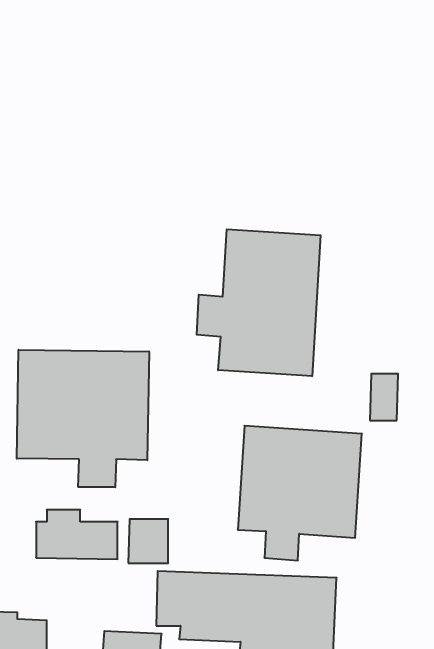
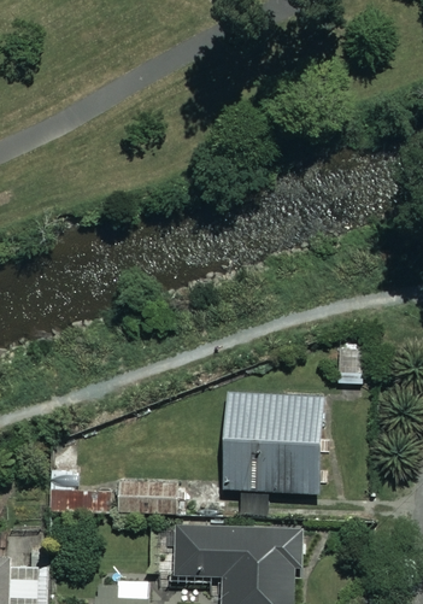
building: [197,229,321,376] -> none
building: [17,350,149,487] -> none

